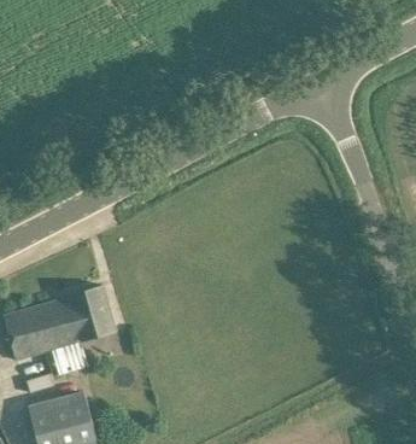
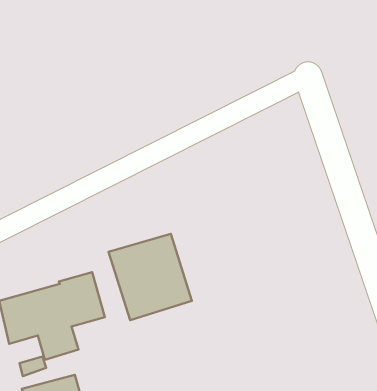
building: none -> [109,234,192,320]

